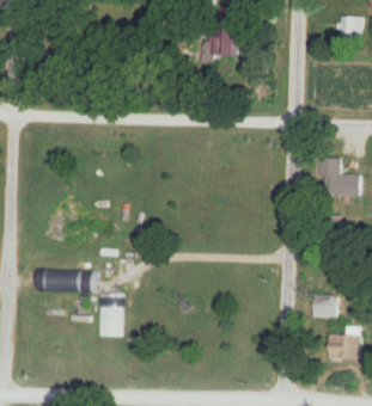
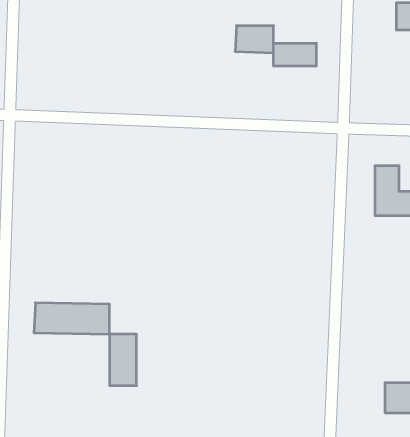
building: none -> [274,43,316,66]
building: [311,296,337,319] -> none

